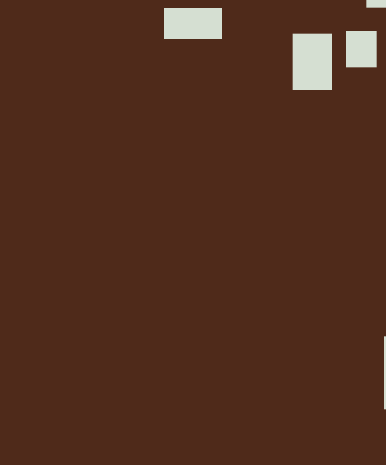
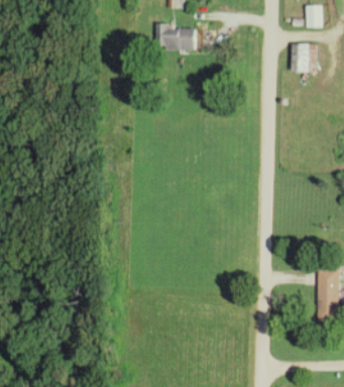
building: [292,33,333,91] -> none

